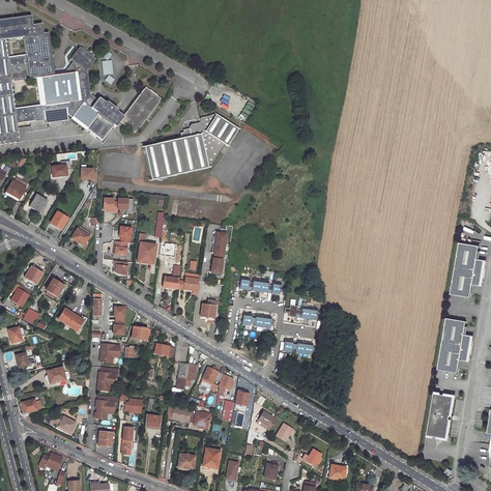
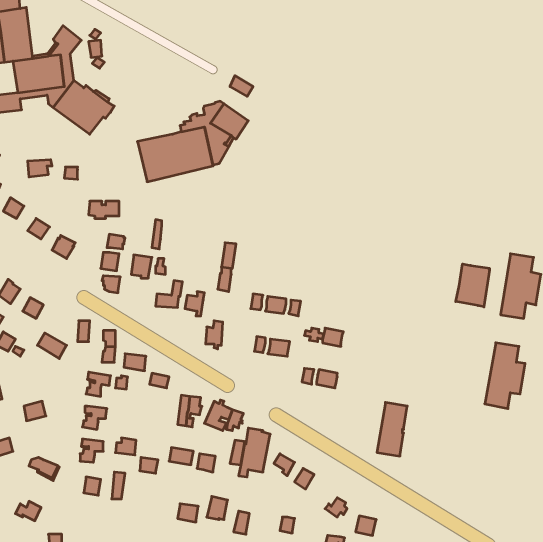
building: [120,87,162,133] -> none
building: none -> [456,264,489,307]
building: [428,393,454,438] -> [377,402,407,456]

